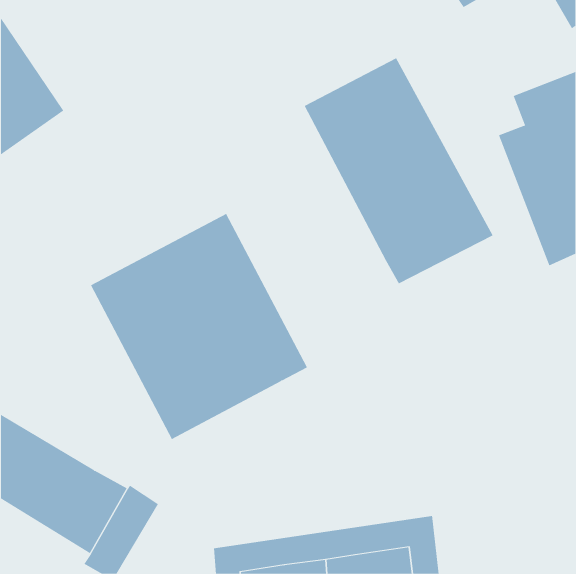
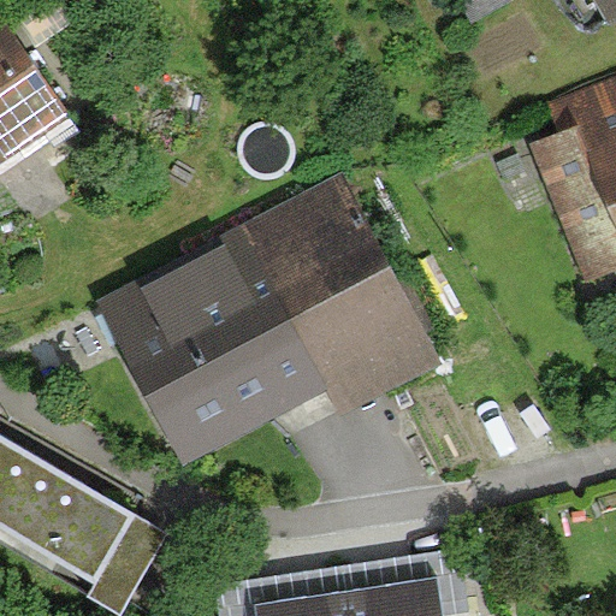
building: [304,57,493,284] -> [242,176,444,417]

